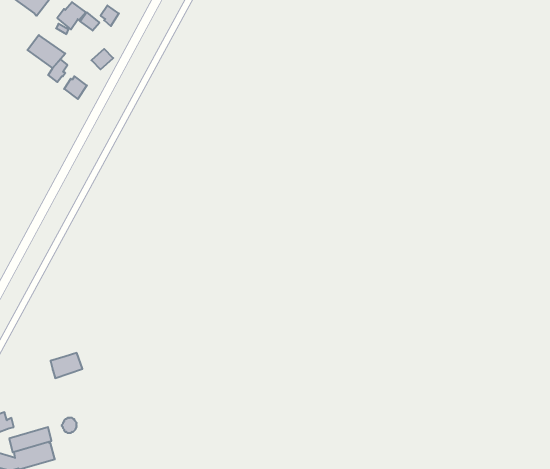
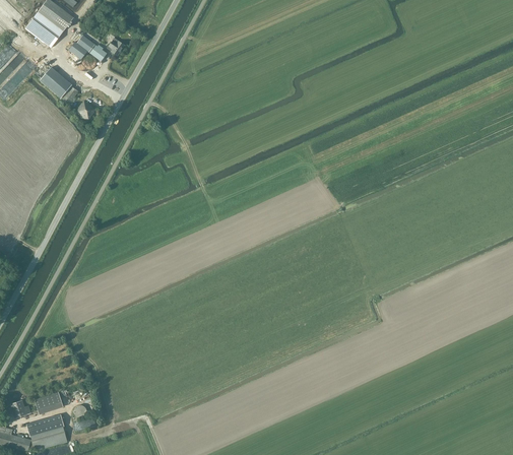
building: [50,353,82,378] -> [35,392,63,414]

